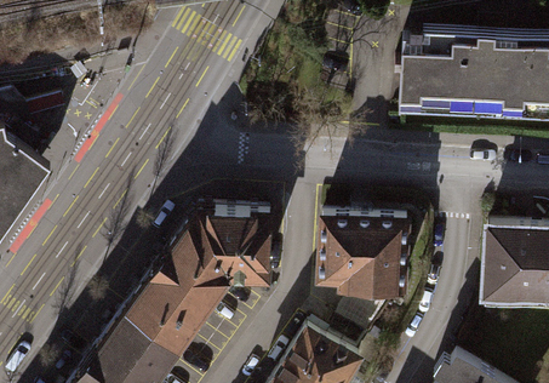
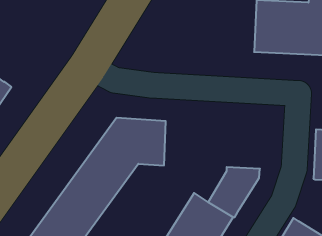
building: [322,211,412,284] -> none

